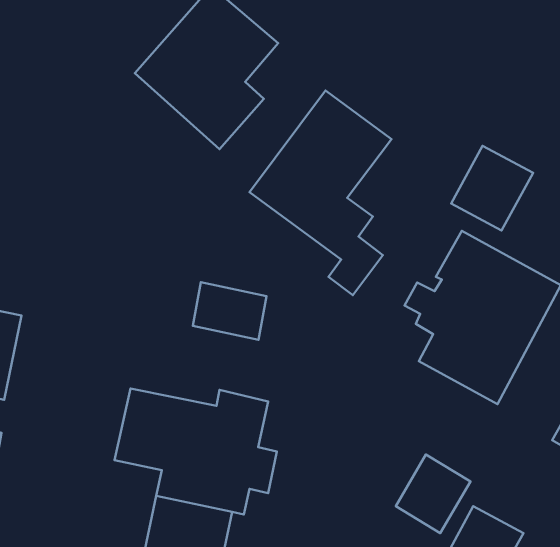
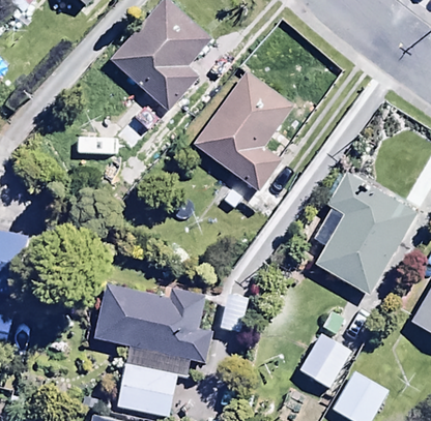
building: [451,146,533,231] -> none
building: [193,282,266,340] -> none

